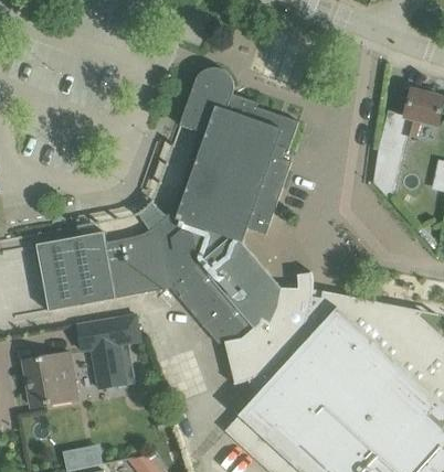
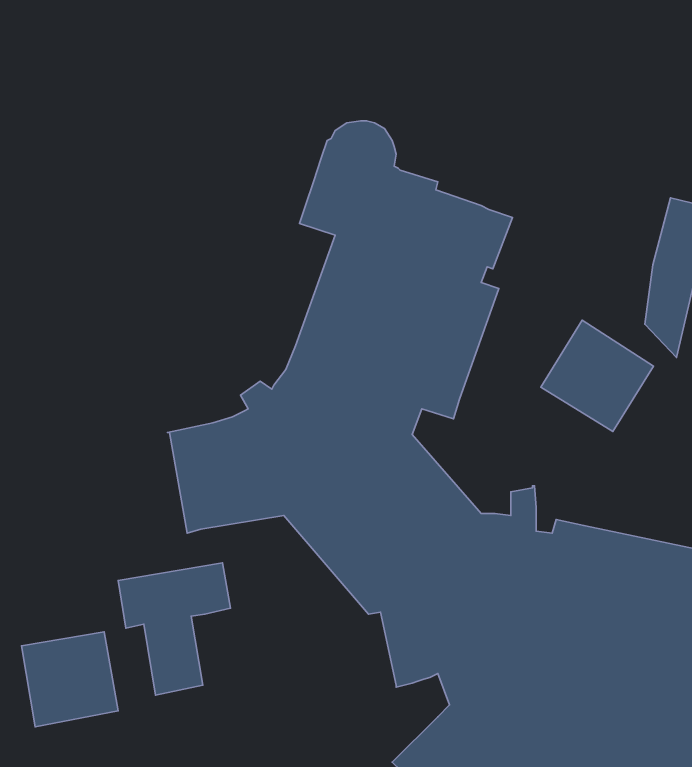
building: none -> [541,320,654,431]
building: [35,233,116,312] -> none

